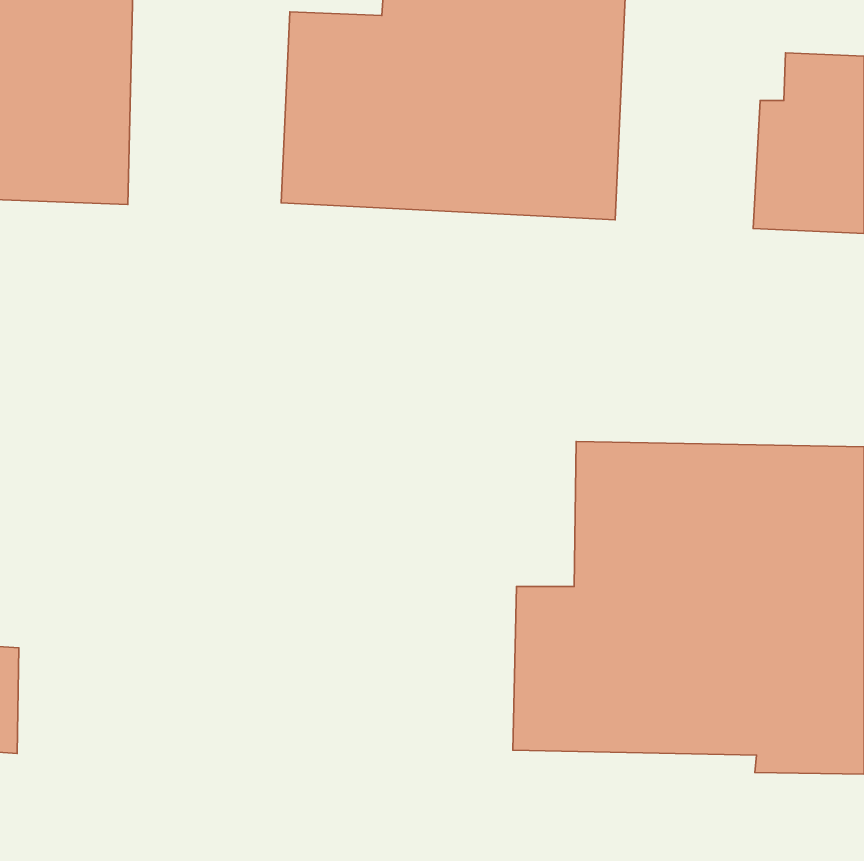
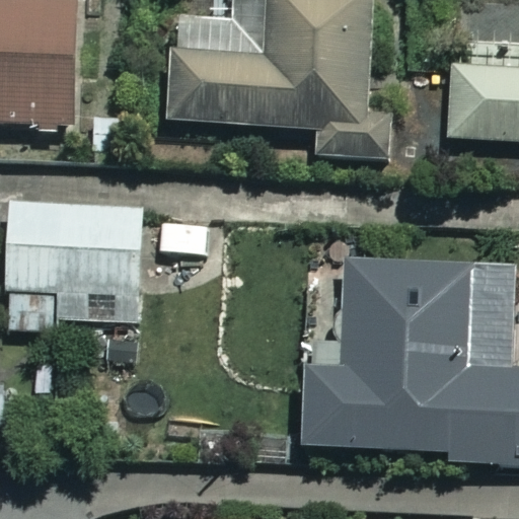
building: none -> [8,205,141,325]

